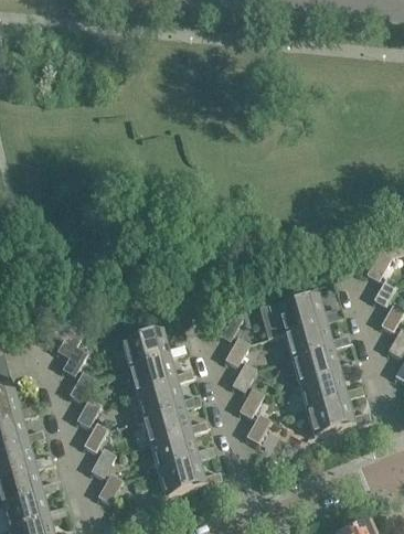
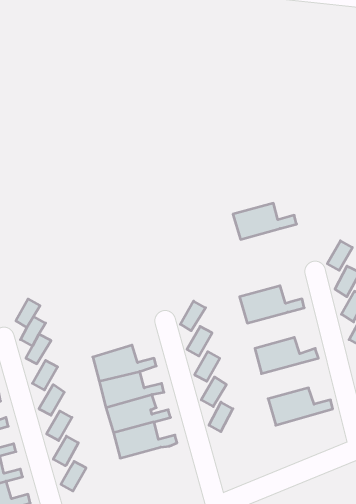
building: [285,323,349,360] -> [233,203,297,239]
building: [121,331,185,369] -> none
building: [299,374,363,410] -> none
building: [157,459,222,496] -> none

